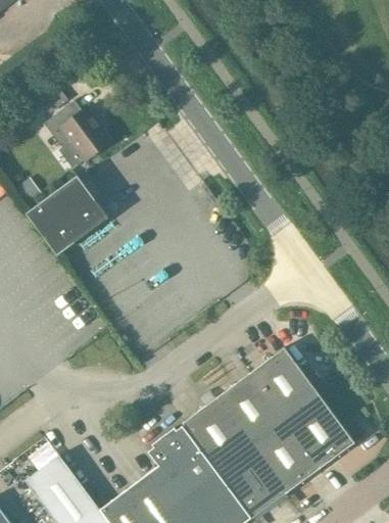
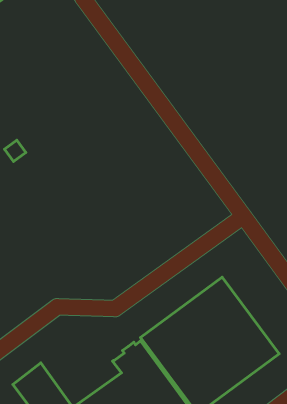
building: [44,100,112,160] -> none
building: [27,176,107,254] -> none

